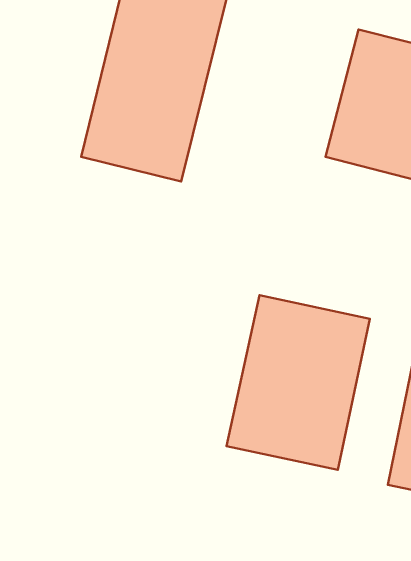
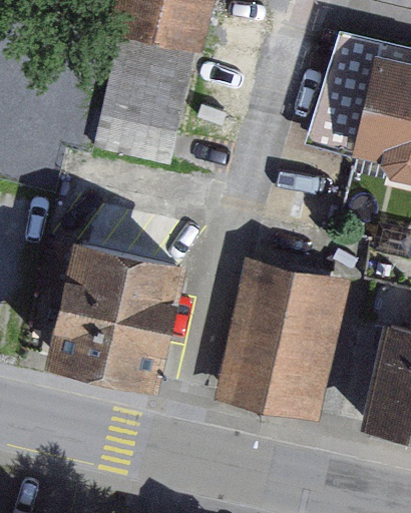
building: none -> [47,247,173,389]

